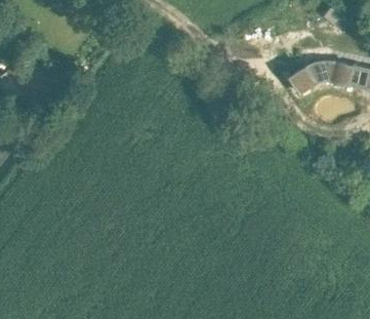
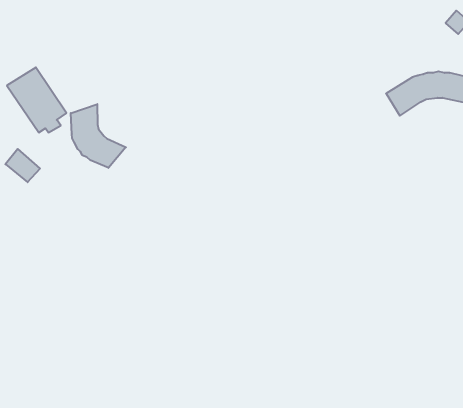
building: none -> [71,104,126,168]

